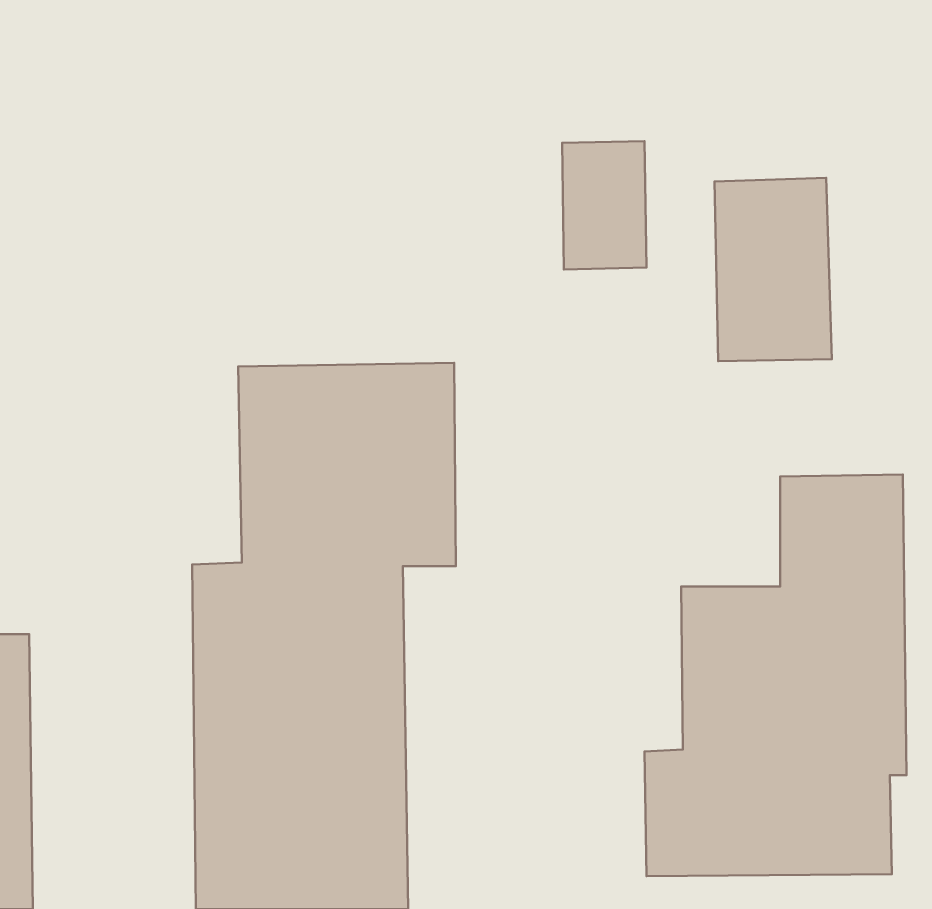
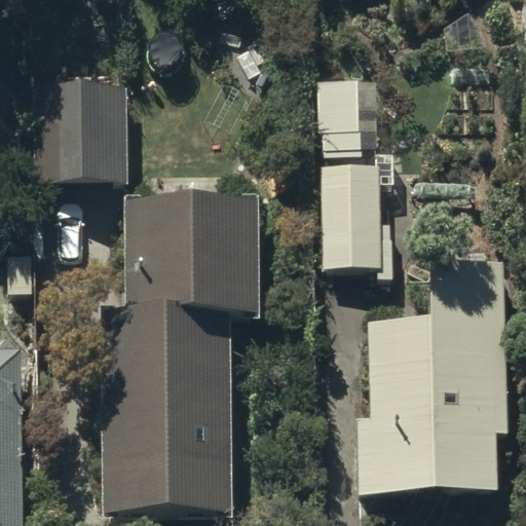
building: none -> [38,90,126,178]
building: [715,178,832,361] -> [316,162,382,265]

